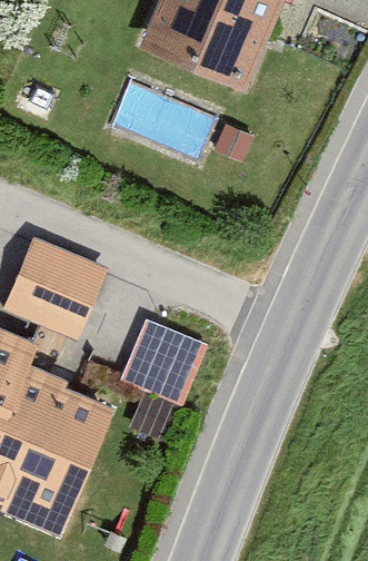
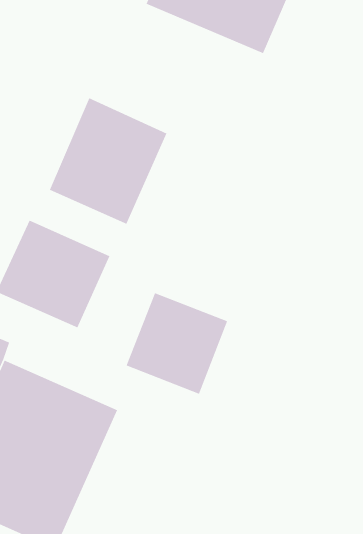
building: none -> [49,97,168,225]

